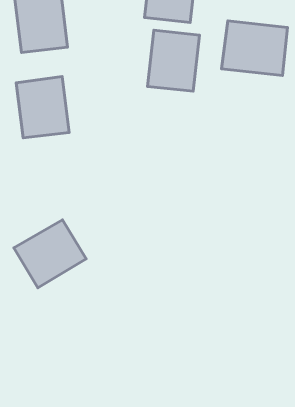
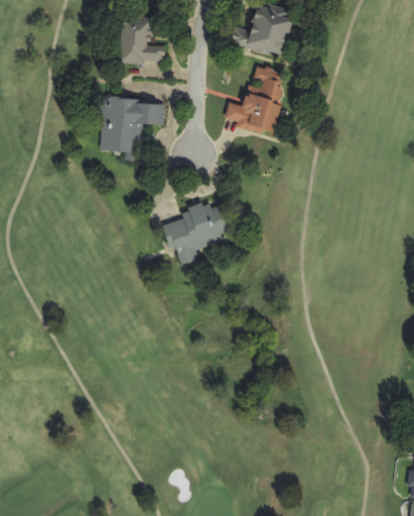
building: [222,21,288,76] -> none
building: [14,220,86,288] -> [163,199,233,262]

